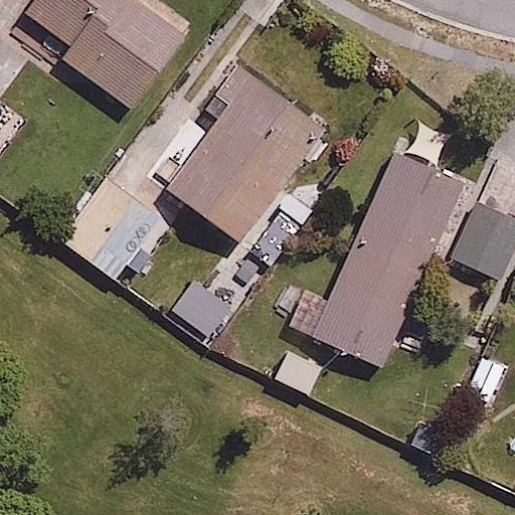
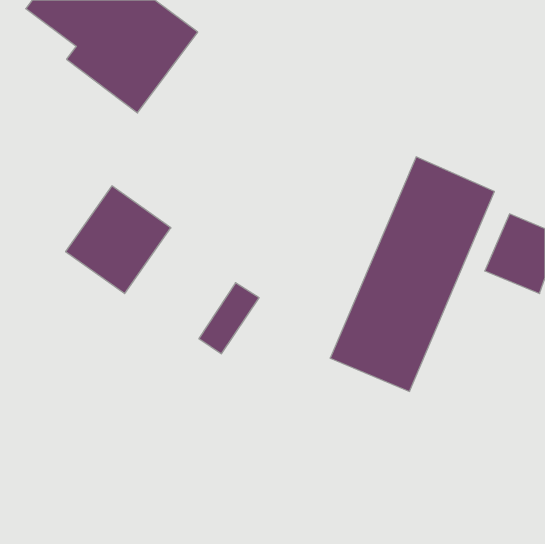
building: [162,66,327,241] -> none

